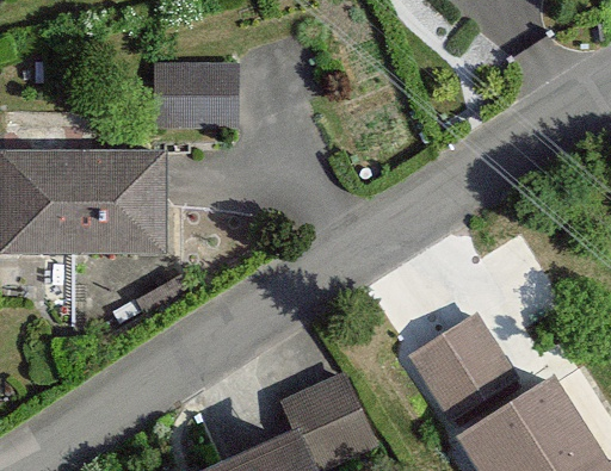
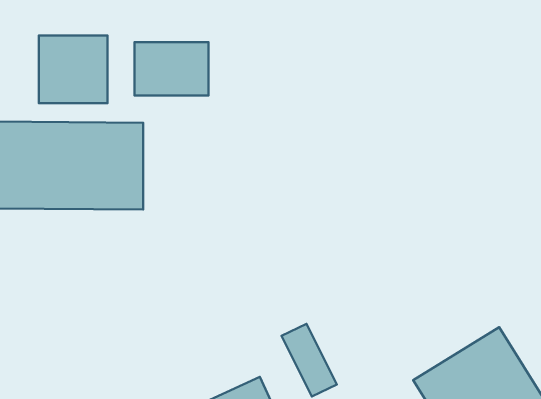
building: none -> [39,35,107,103]
building: [409,315,517,419] -> none

